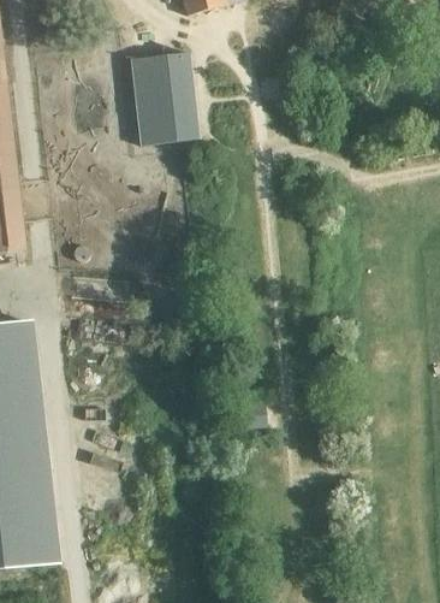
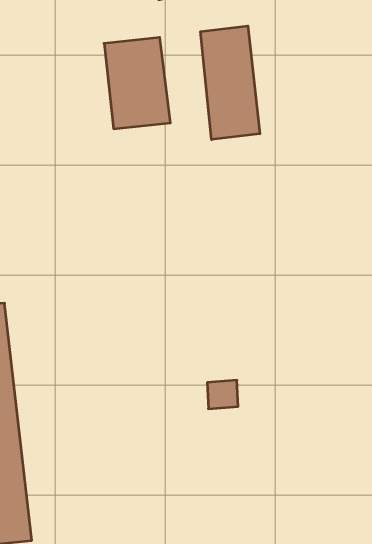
building: none -> [201,26,260,140]

